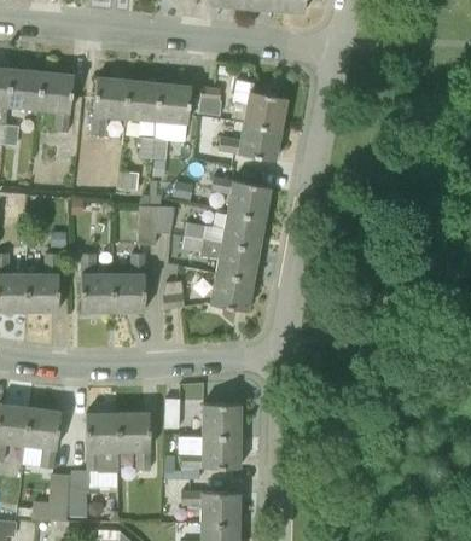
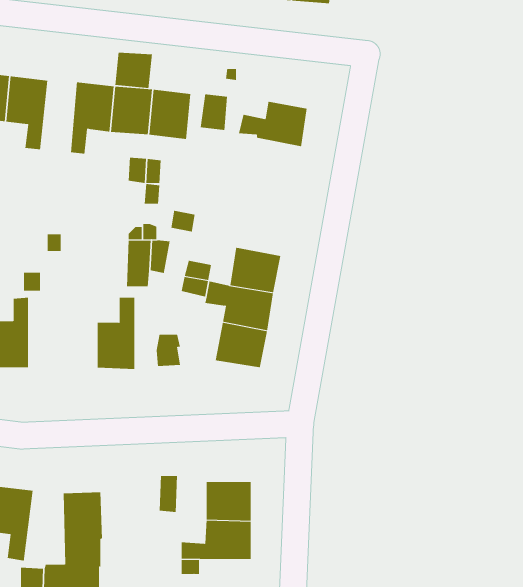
building: none -> [115,52,152,89]
building: [219,122,281,161] -> none
building: [211,176,271,219] -> none
building: [81,252,114,310] -> none
building: [117,412,150,470] -> none

